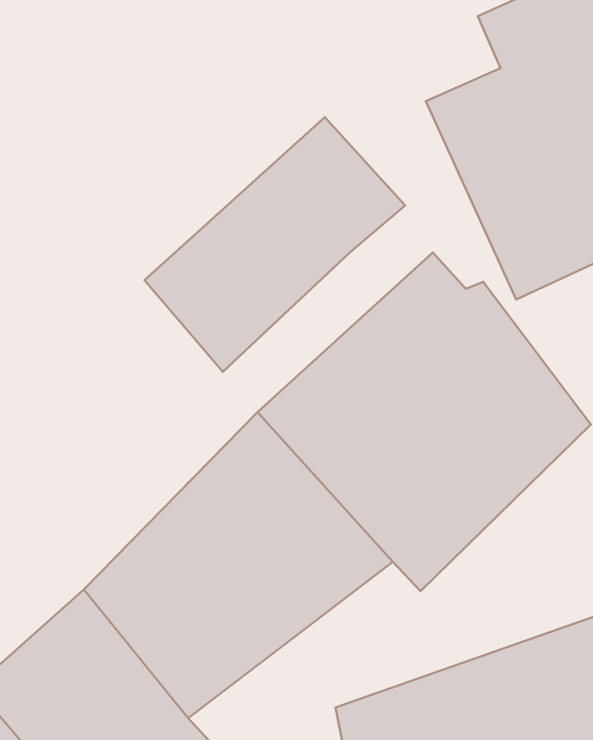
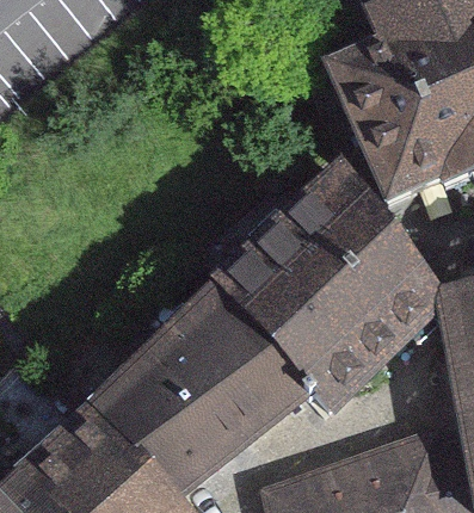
building: [145,117,405,372] -> none

